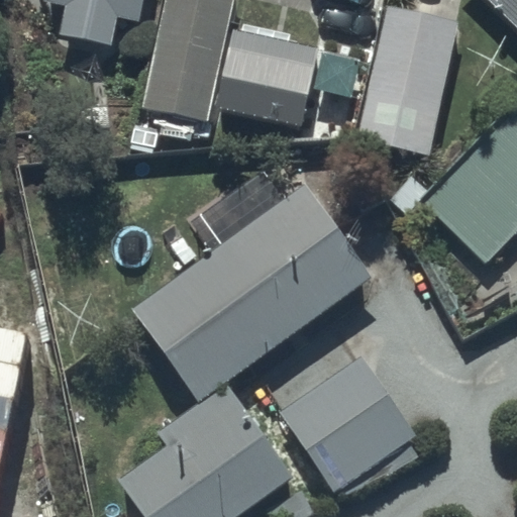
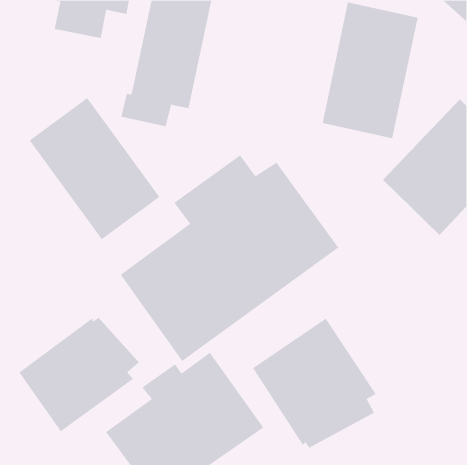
building: [217,28,319,124] -> none
building: none -> [29,97,160,240]
building: none -> [19,317,140,432]

